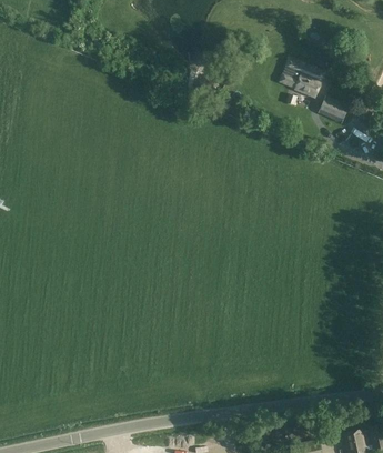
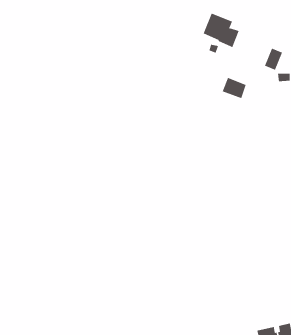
building: [318,98,346,123] -> [222,77,246,99]

